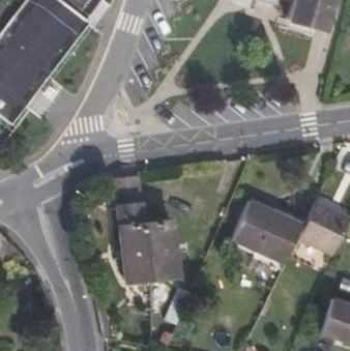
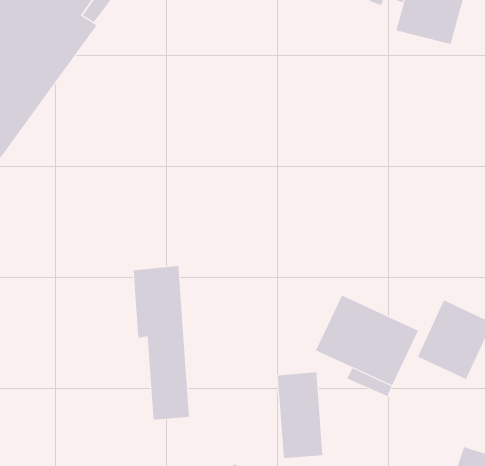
building: [144,223,175,281] -> [277,372,323,459]

